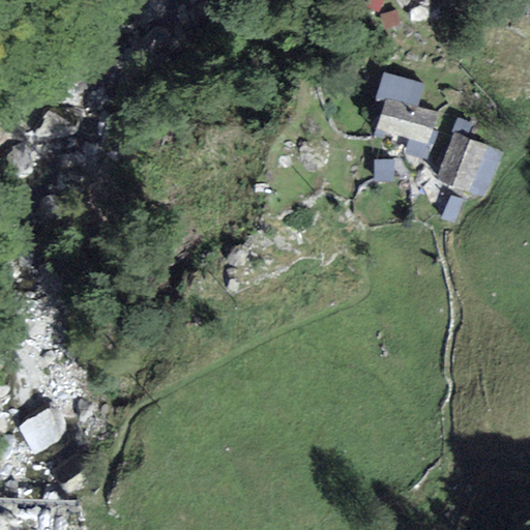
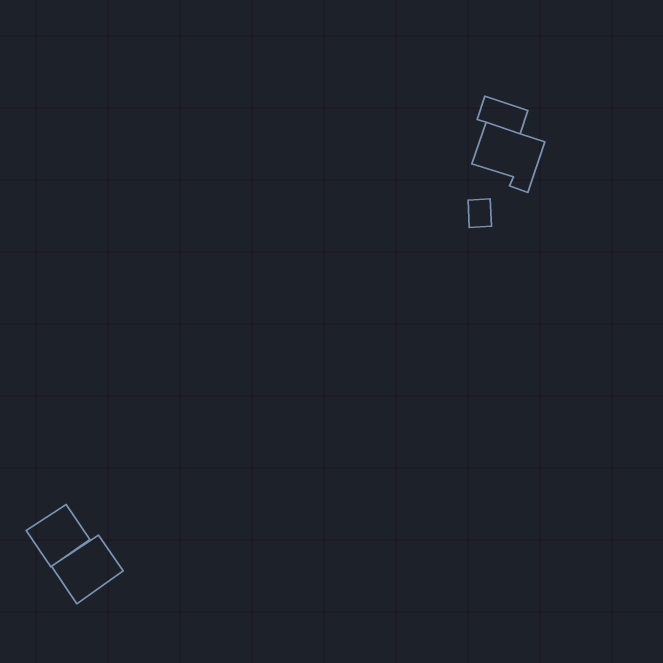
building: [438,134,496,192] -> none
building: none -> [51,535,123,604]

